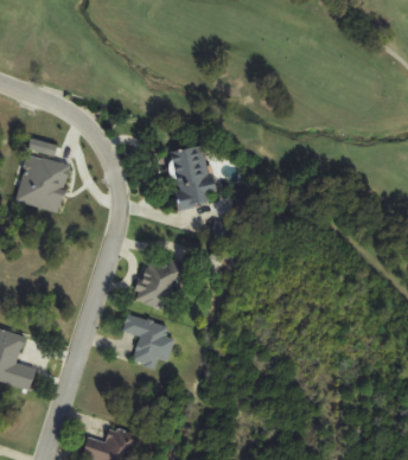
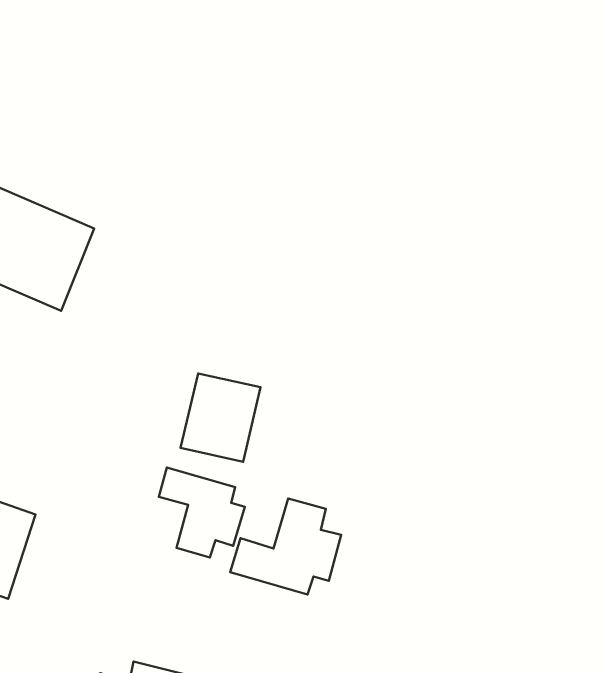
building: [170,146,212,206] -> none
building: none -> [230,498,341,594]

